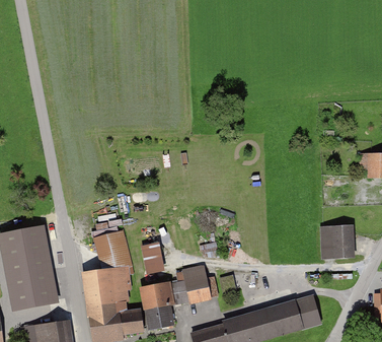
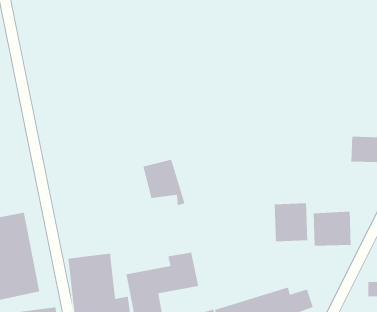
building: none -> [274,202,308,242]
building: [92,229,134,275] -> [142,159,186,206]
building: [139,240,166,274] -> none

